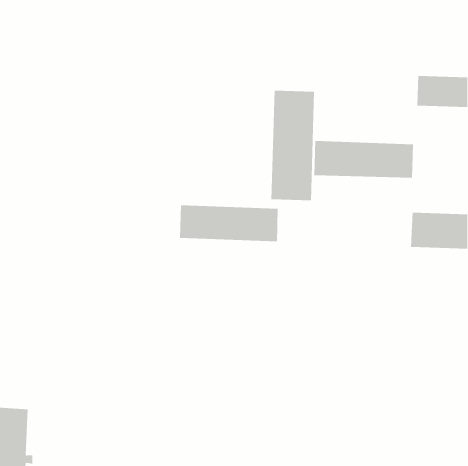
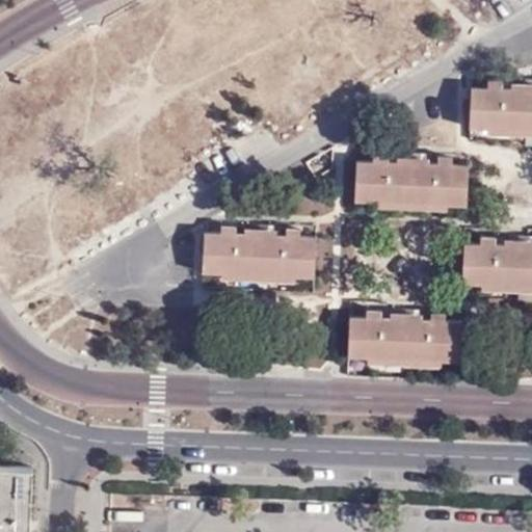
building: [271,90,315,201] -> none
building: none -> [347,318,460,362]

